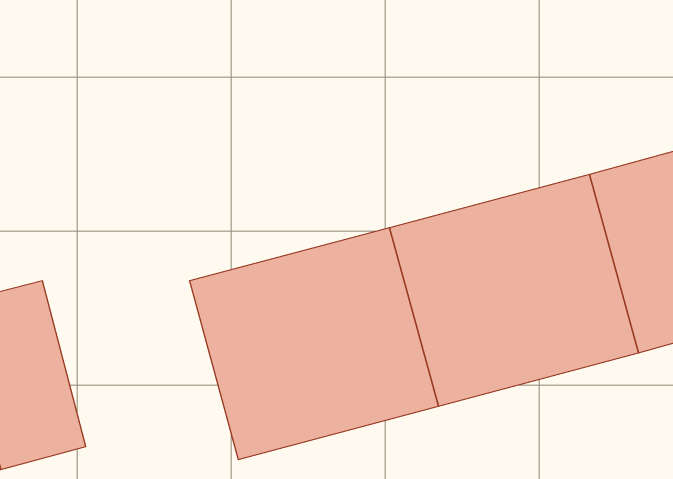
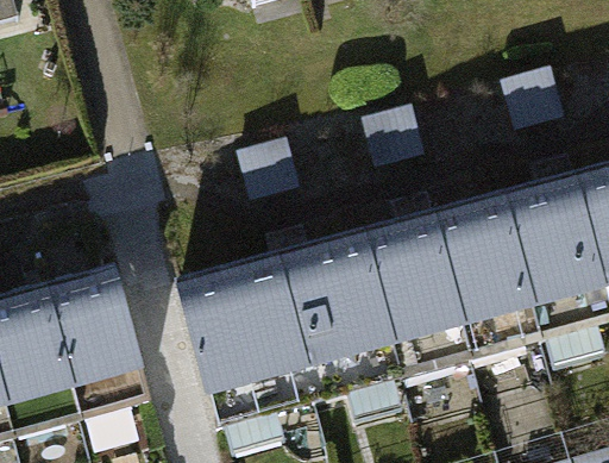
building: none -> [48,251,153,406]

